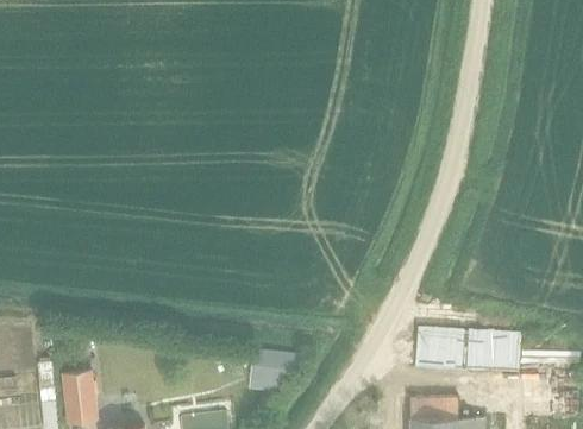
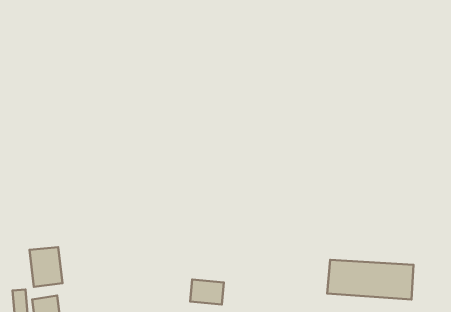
building: none -> [29,247,63,287]

